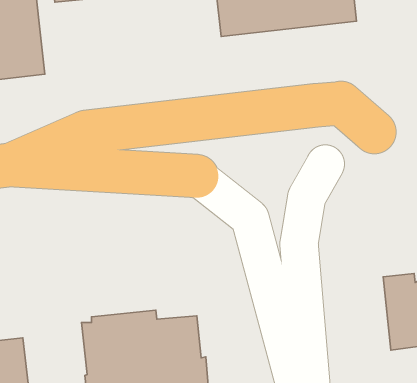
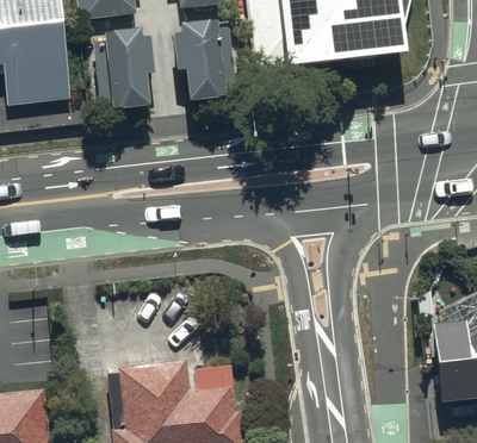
building: none -> [171,30,234,113]
building: none -> [92,40,150,120]

